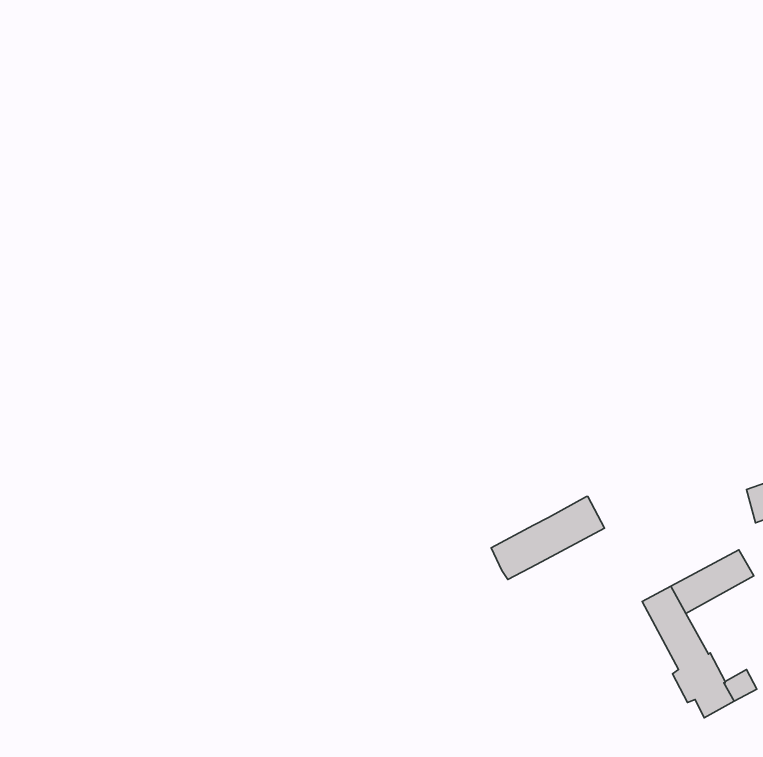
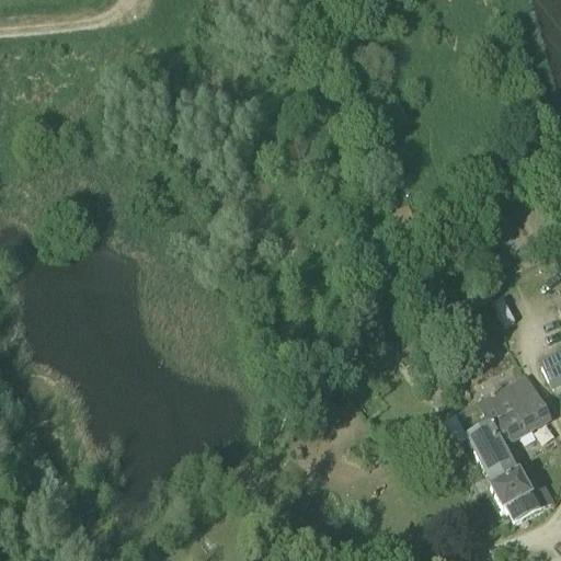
building: [491,496,604,580] -> [460,376,542,436]

